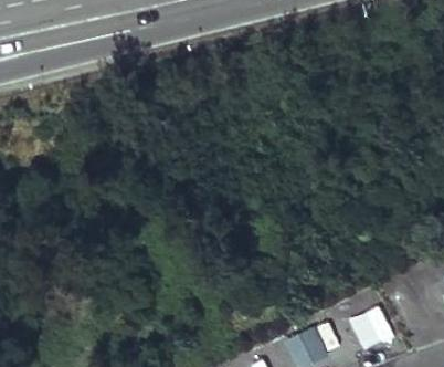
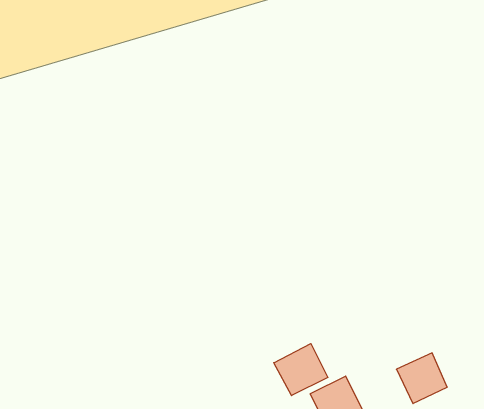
building: none -> [274,344,328,396]

